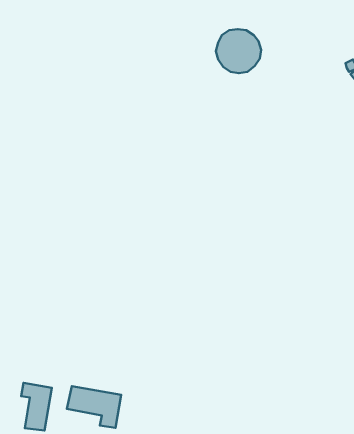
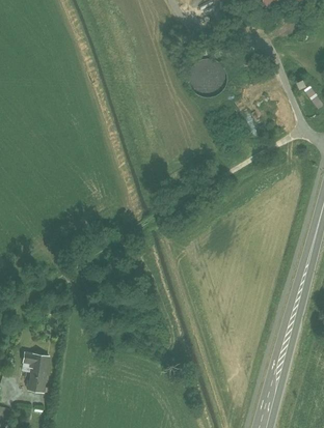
building: [67,386,121,428] -> none

